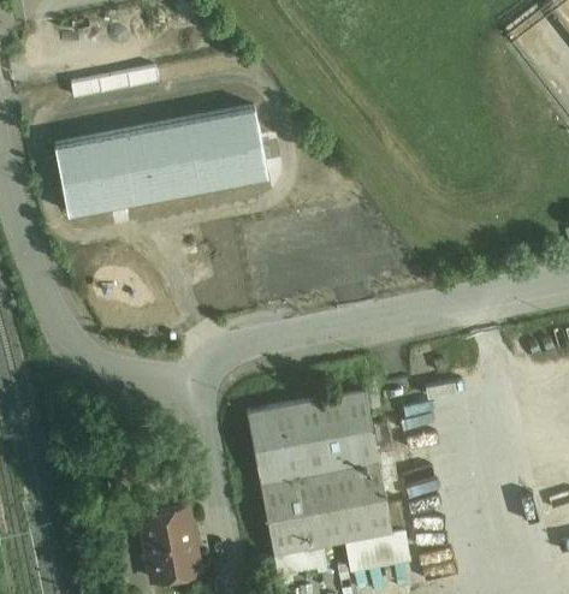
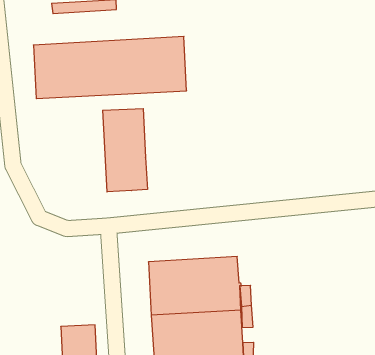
building: none -> [103,109,147,192]

